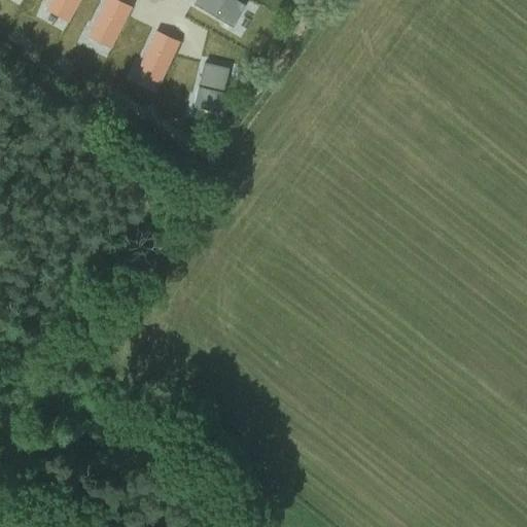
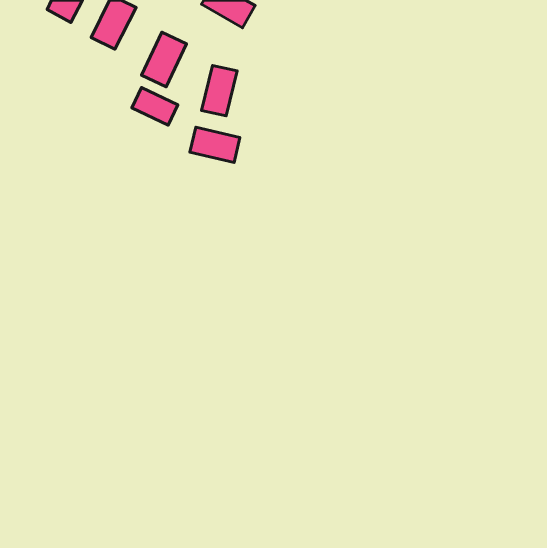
building: none -> [132,87,178,125]
building: none -> [190,127,240,163]

